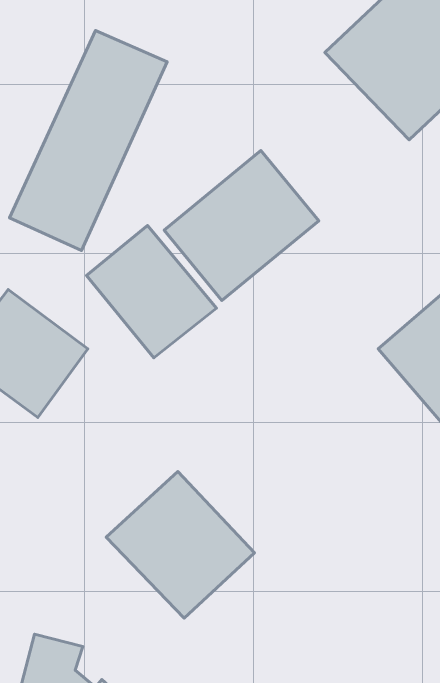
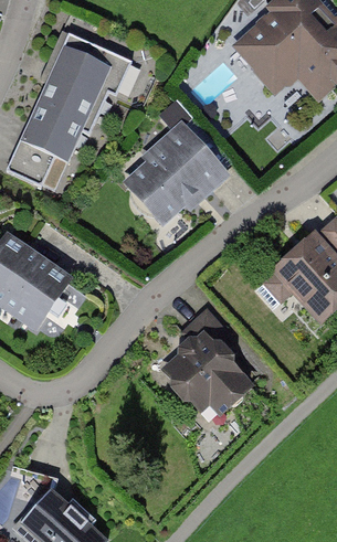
building: [86,226,216,358] -> none
building: [106,472,254,618] -> [160,310,265,414]

